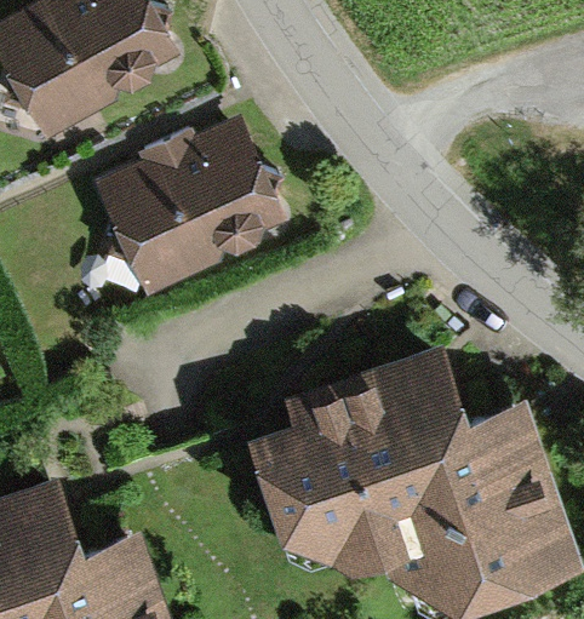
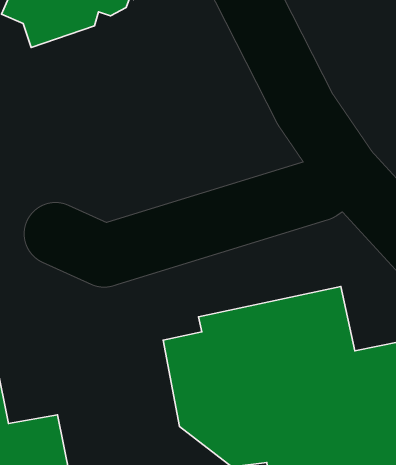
building: [98,109,288,283] -> none

